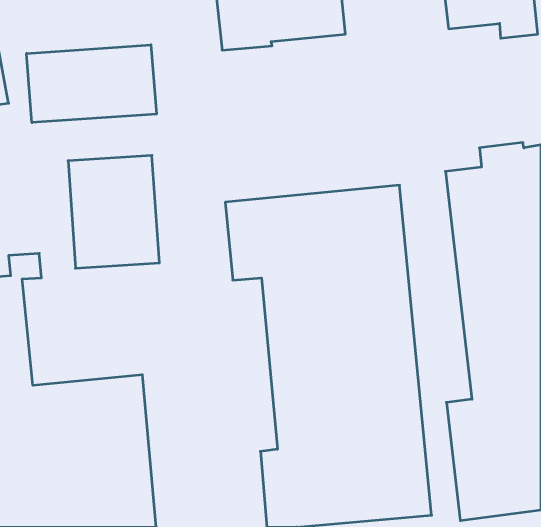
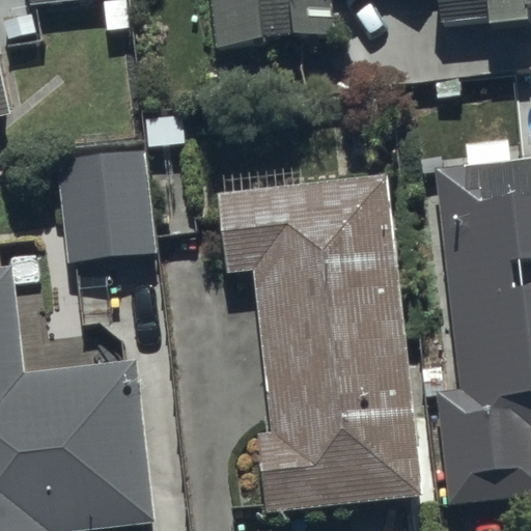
building: [27,45,156,123] -> none

